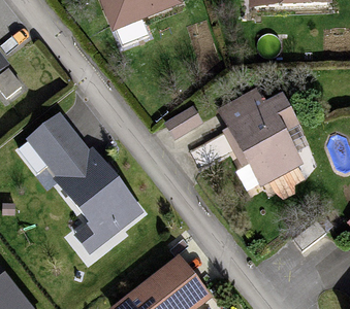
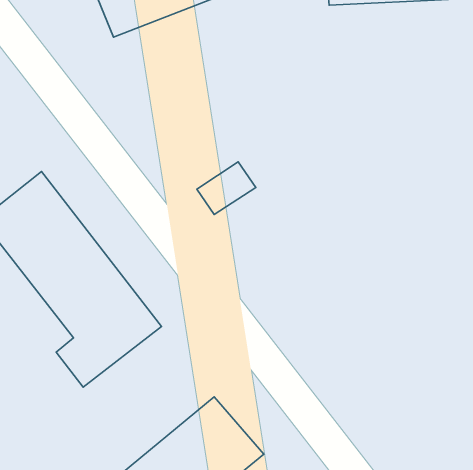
building: [219,92,308,188] -> none

